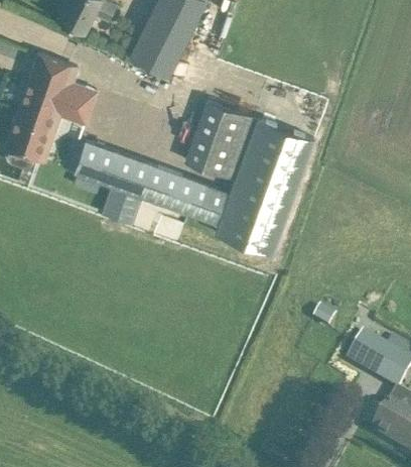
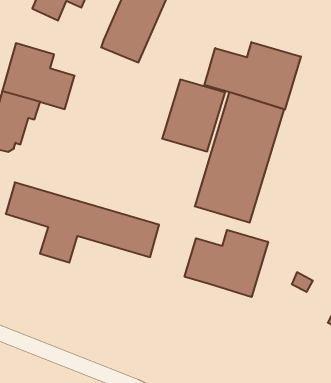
building: none -> [204,42,301,110]
building: [66,137,226,224] -> [6,182,159,263]
building: none -> [185,230,268,297]

